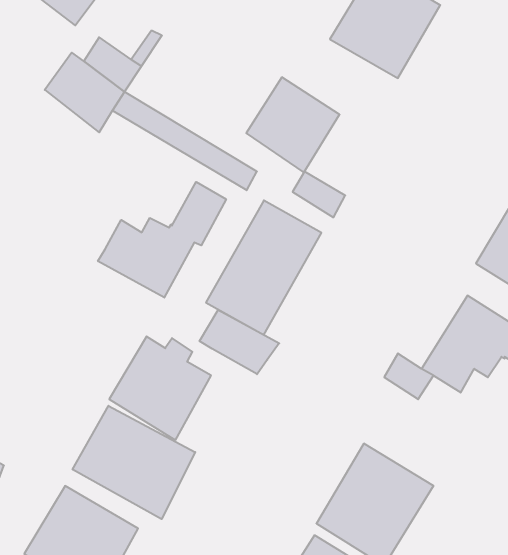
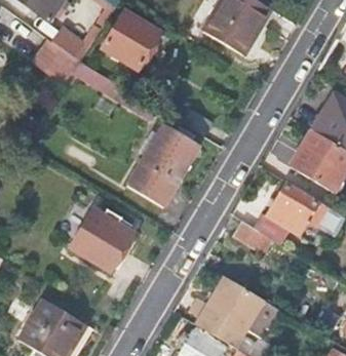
building: [246,77,340,172] -> [104,12,160,70]
building: [98,182,226,298] -> none
building: [200,310,279,374] -> none
building: [73,406,195,519] -> none

